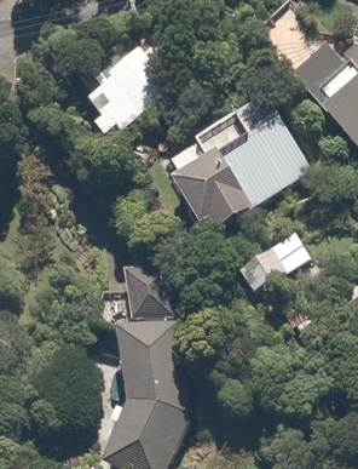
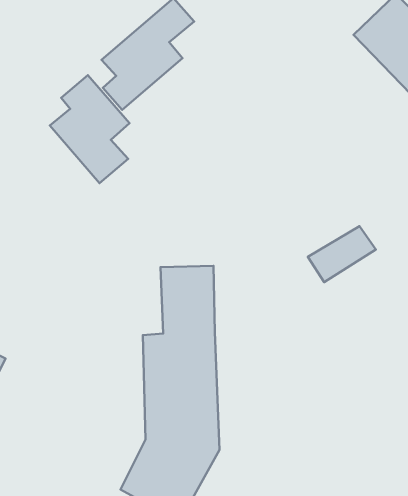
building: [157,92,307,229] -> none
building: none -> [50,75,130,183]

